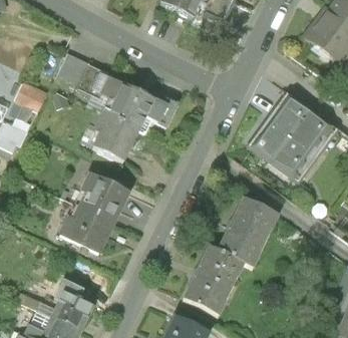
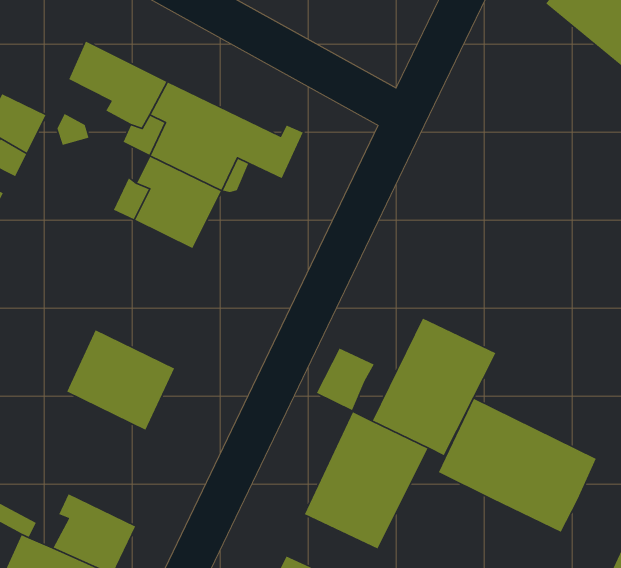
building: [247,90,336,180] -> none
building: [72,172,128,223] -> none
building: none -> [316,348,375,411]
building: none -> [438,398,597,533]

